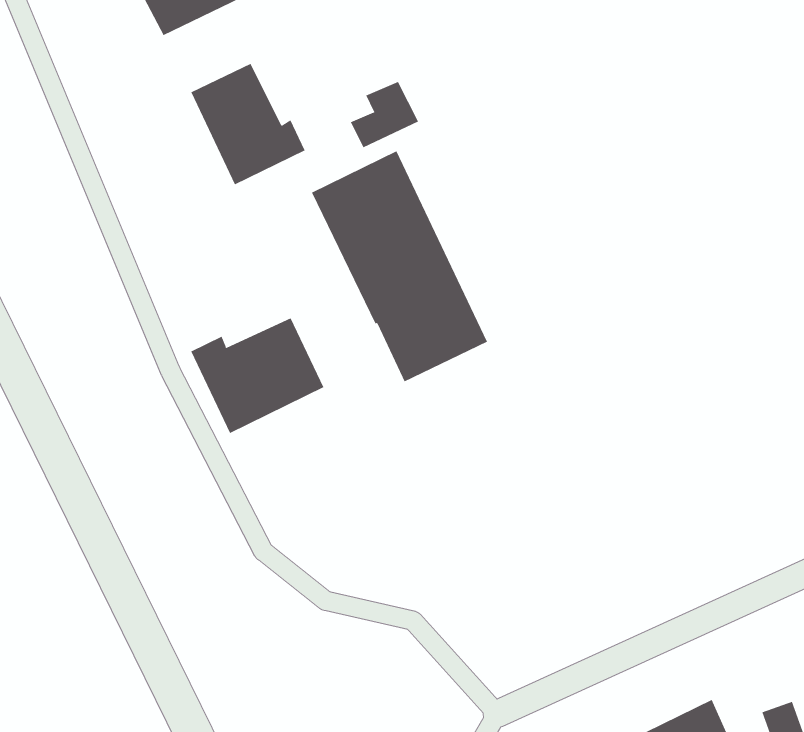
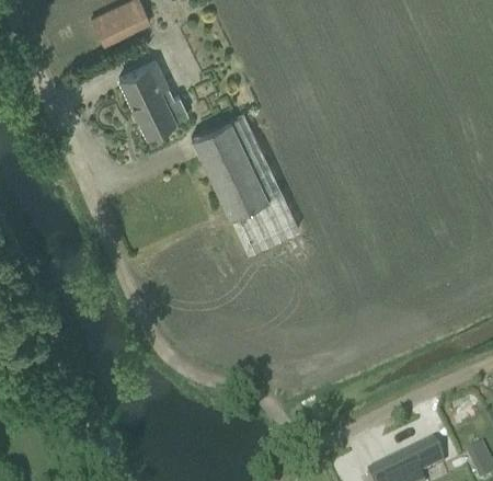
building: [350,81,419,148] -> none
building: [191,318,324,434] -> none

